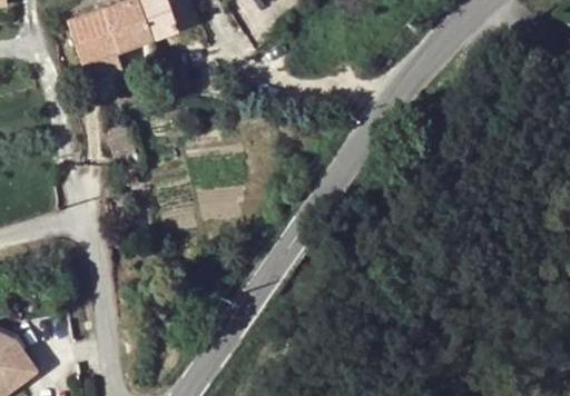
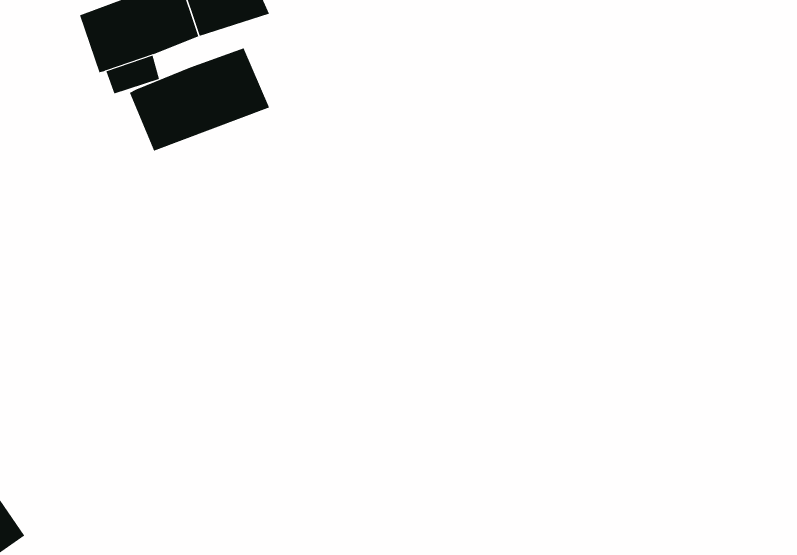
building: none -> [129,47,270,152]

